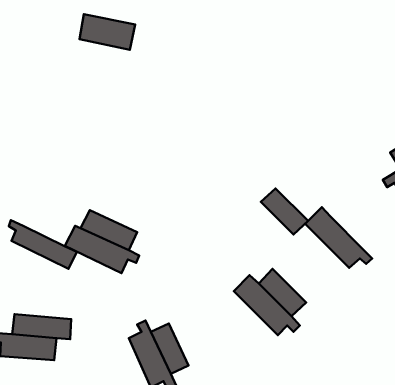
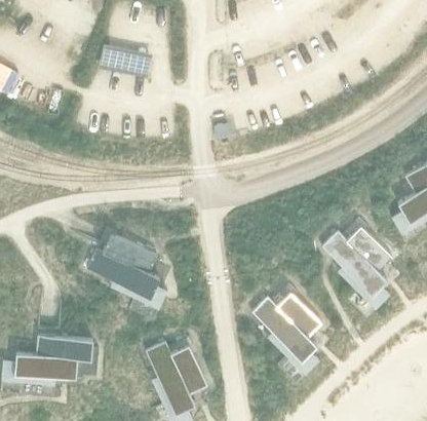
building: [261,188,308,234] -> [347,229,393,274]
building: [9,220,77,269] -> none

